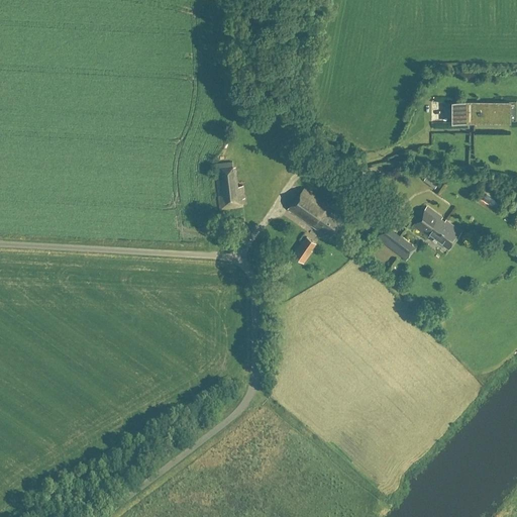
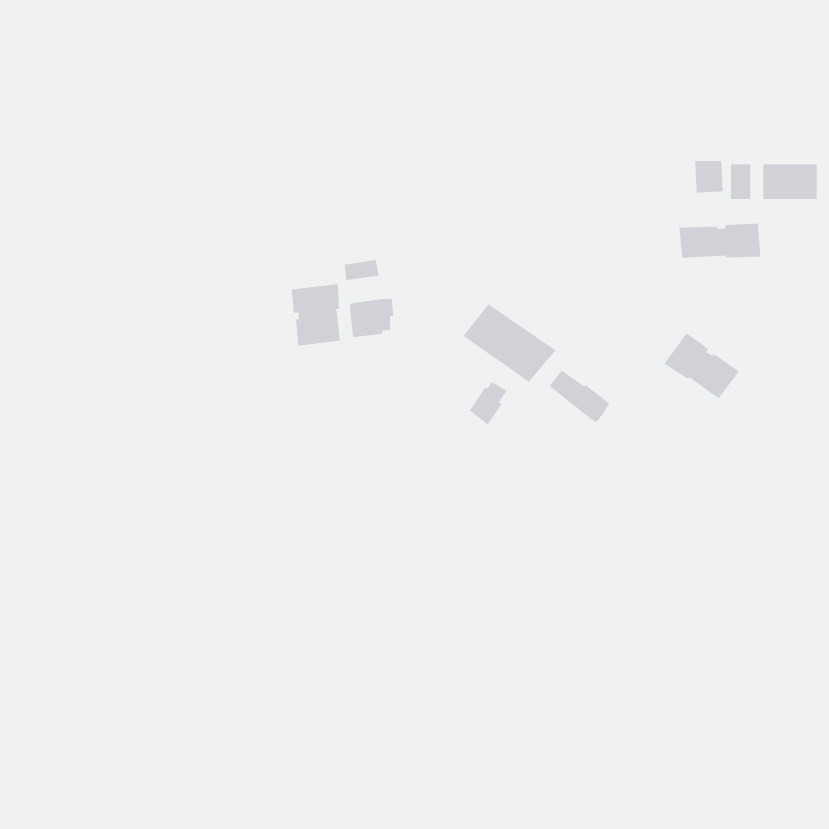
building: none -> [679,223,761,258]
building: none -> [291,284,340,347]
building: [377,227,415,261] -> [549,370,610,423]

